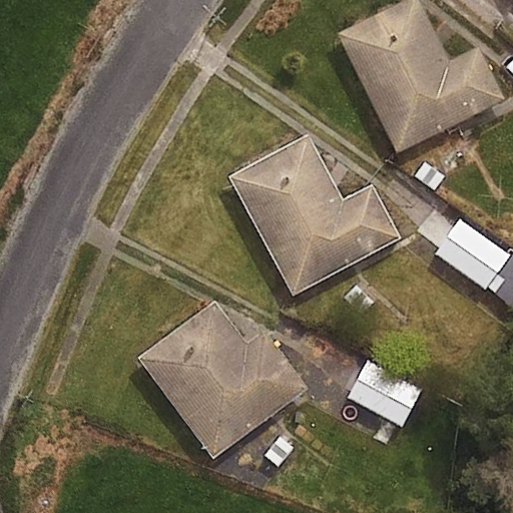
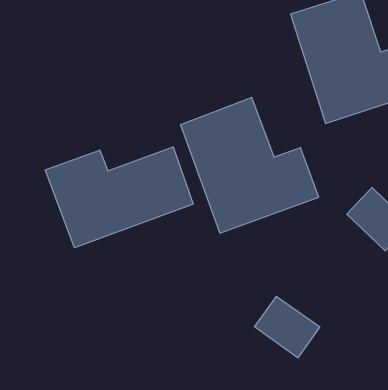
building: none -> [45,147,193,248]
building: [138,301,307,459] -> none

